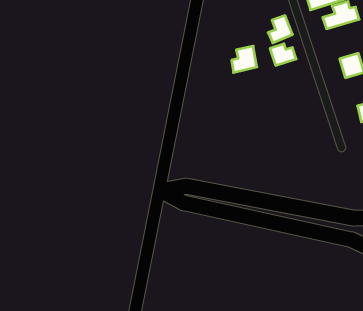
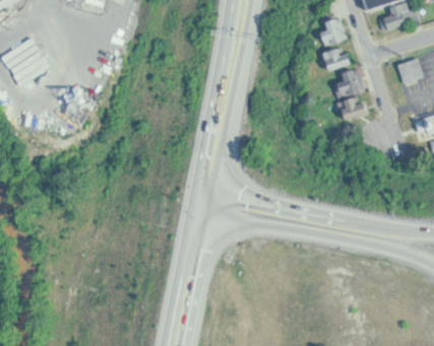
building: [232,46,257,73] -> [334,68,362,96]
building: none -> [338,98,364,119]

